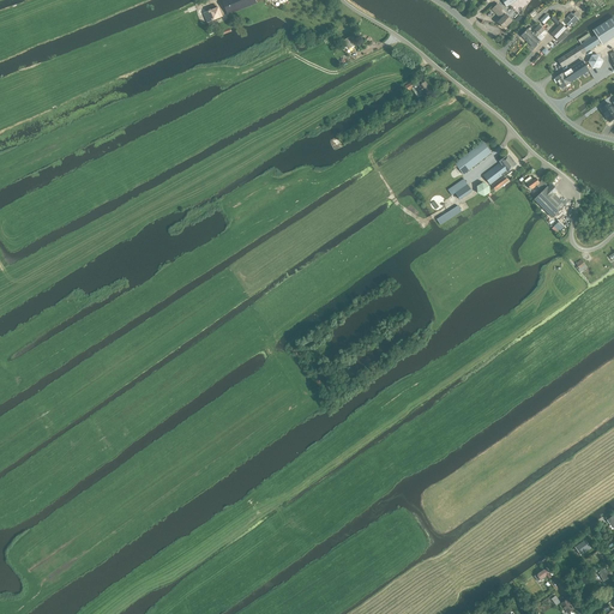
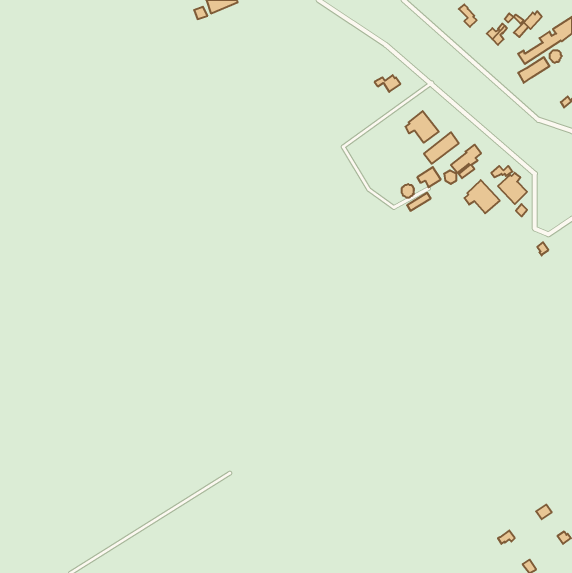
building: none -> [405,111,439,143]
building: none -> [464,180,500,213]

